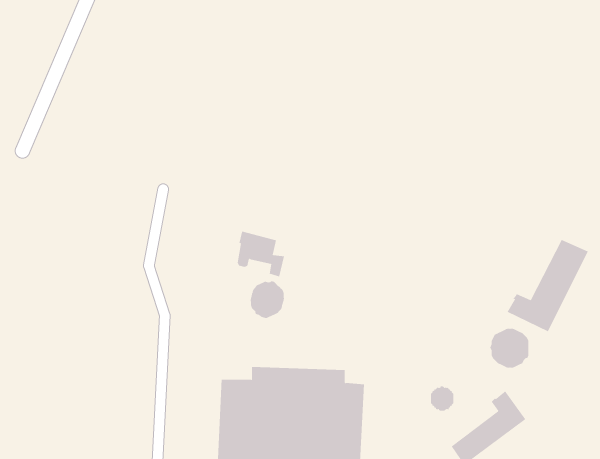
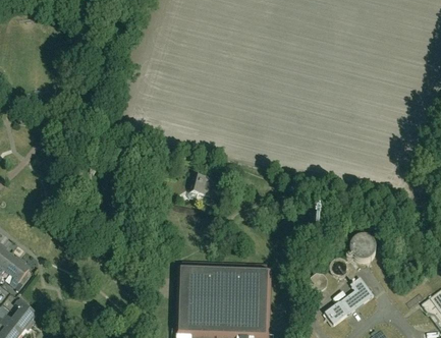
building: [507,239,589,332] -> none
building: [250,280,284,319] -> none

